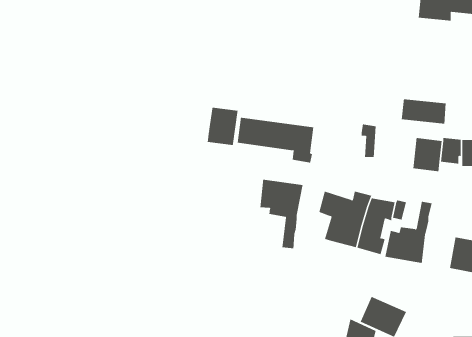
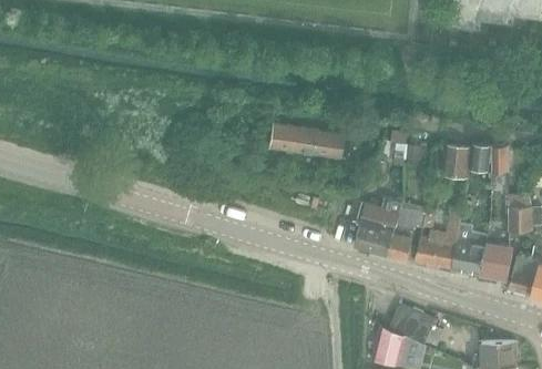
building: [401,99,446,125] -> none
building: [207,107,238,146] -> none
building: [260,179,303,249] -> none
building: none -> [452,224,487,275]

